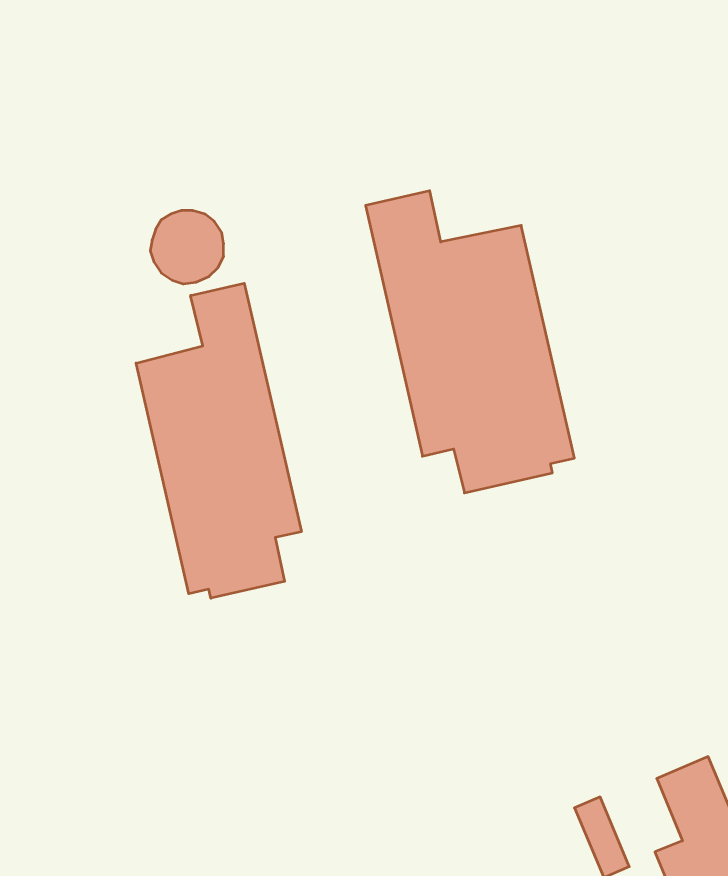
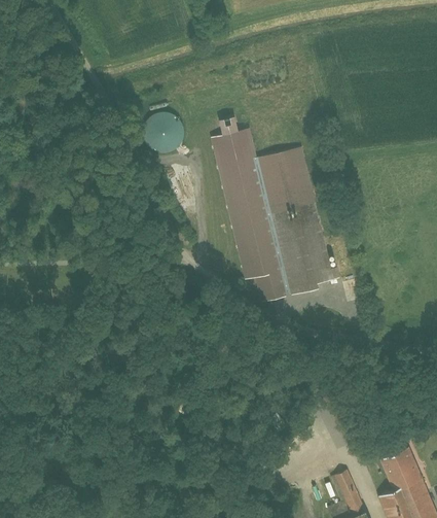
building: [150,211,224,284] -> [142,111,183,152]
building: [136,283,301,598] -> none

